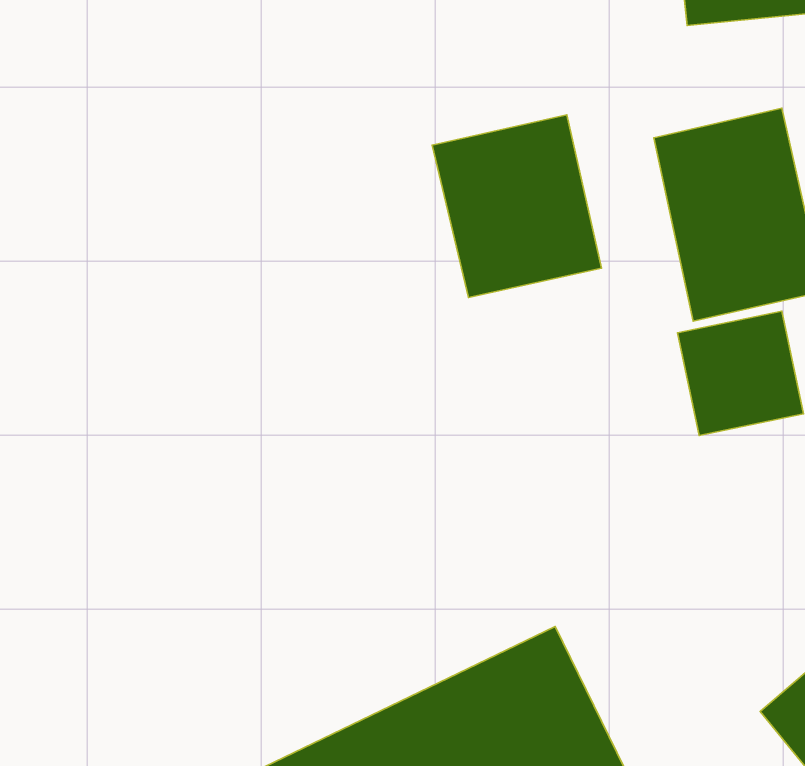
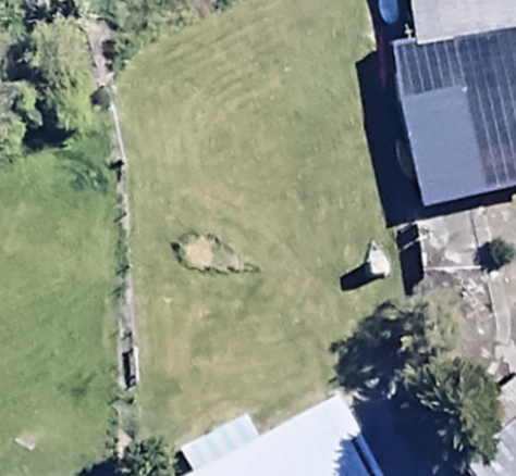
building: [432,115,601,298] -> none

